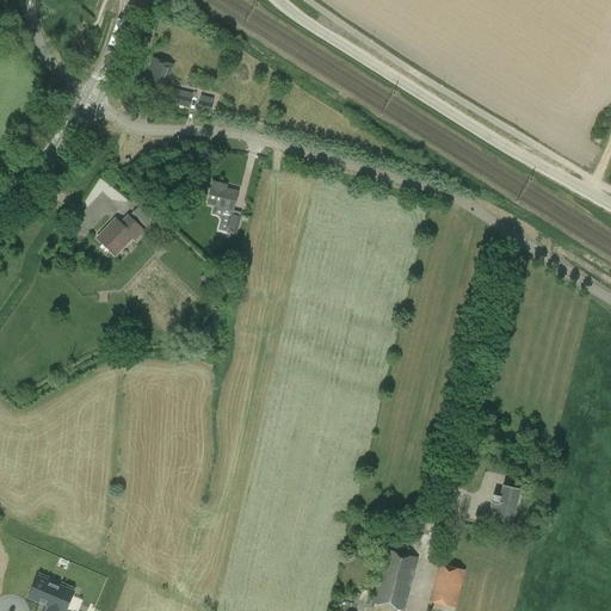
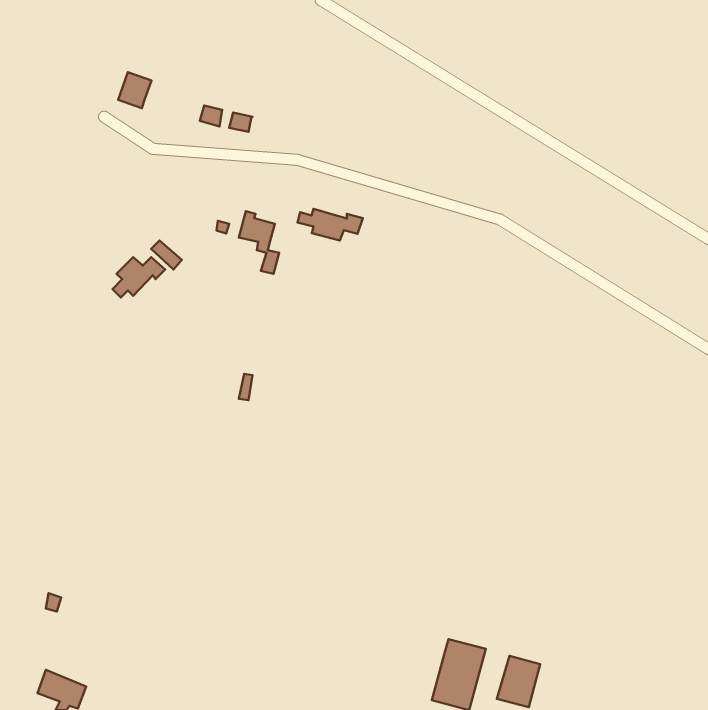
building: [143,57,172,88] -> [118,72,151,108]
building: none -> [297,209,363,241]
building: [488,485,519,520] -> none

